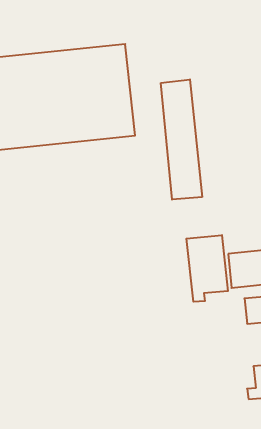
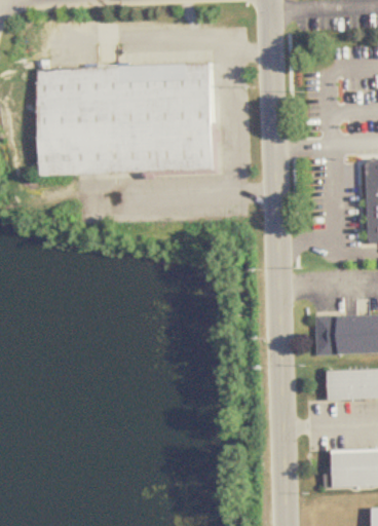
building: [161,79,202,200] -> none
building: [186,235,228,302] -> none

